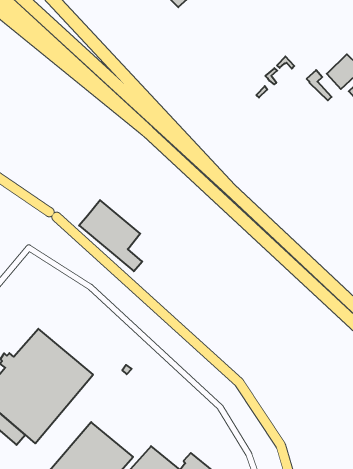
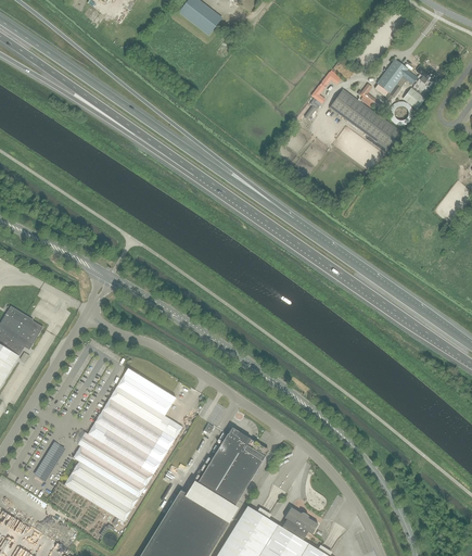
building: none -> [330,88,400,149]
building: [79,200,142,271] -> [110,368,182,439]
building: none -> [196,428,268,507]

